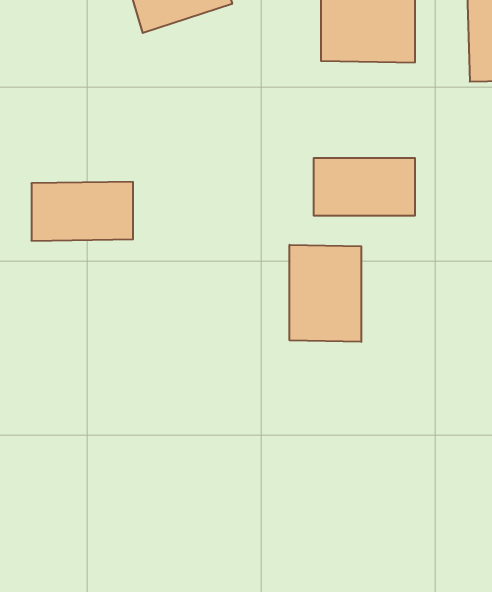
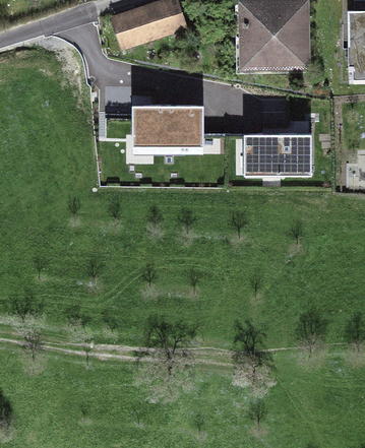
building: [31,182,133,241] -> [130,105,200,145]
building: [290,245,361,342] -> none

